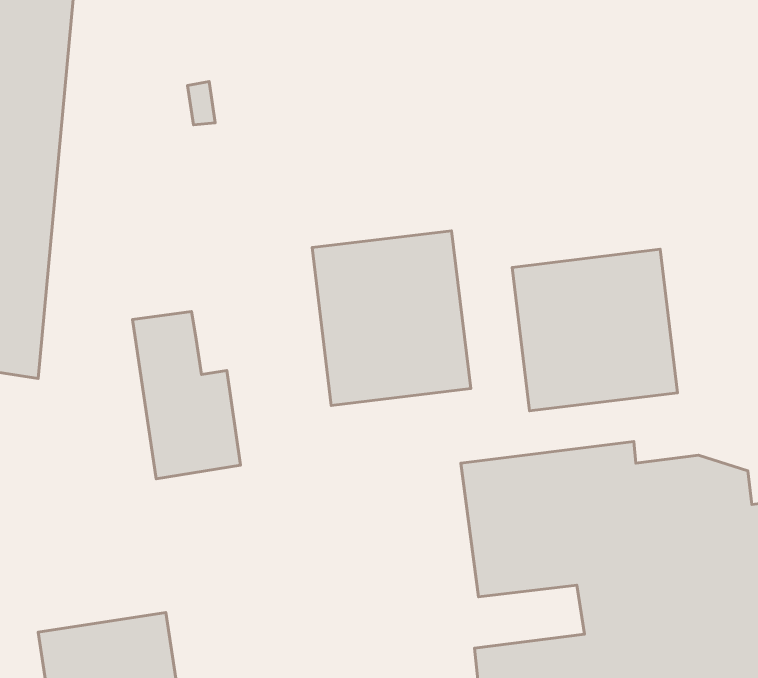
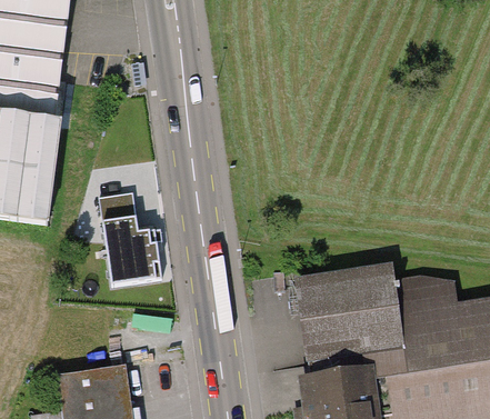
building: [312,231,471,405] -> none
building: [512,249,677,411] -> none

